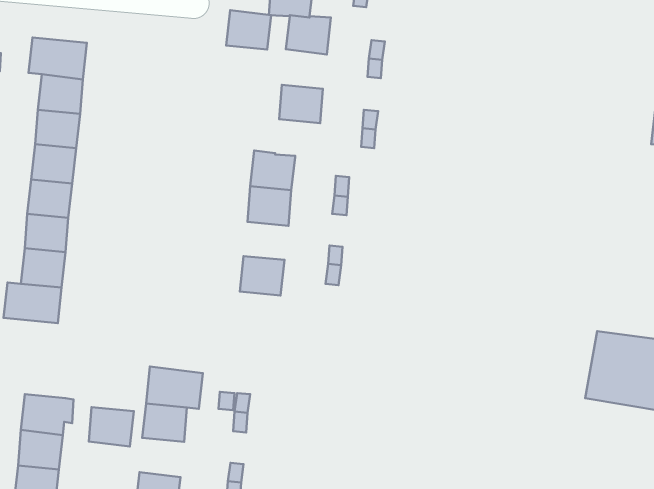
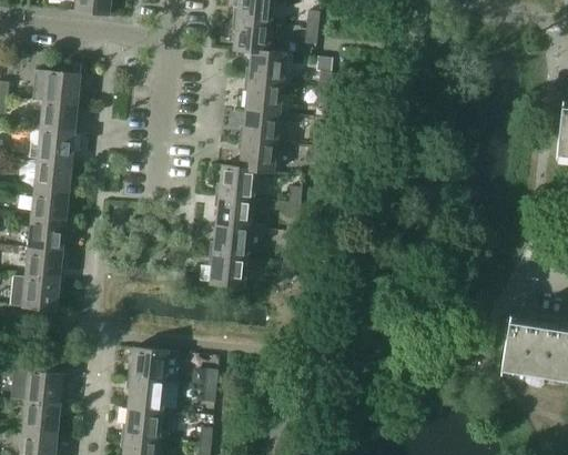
building: [226,10,271,50] -> [245,79,283,112]
building: none -> [240,138,277,172]
building: none -> [213,224,251,256]
building: [89,407,134,447] -> [125,406,163,439]

